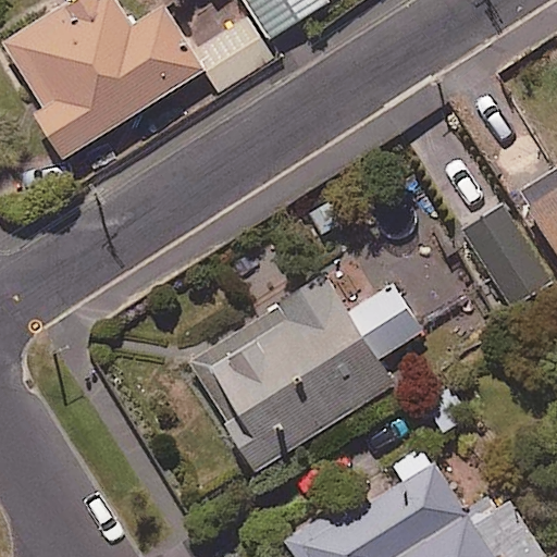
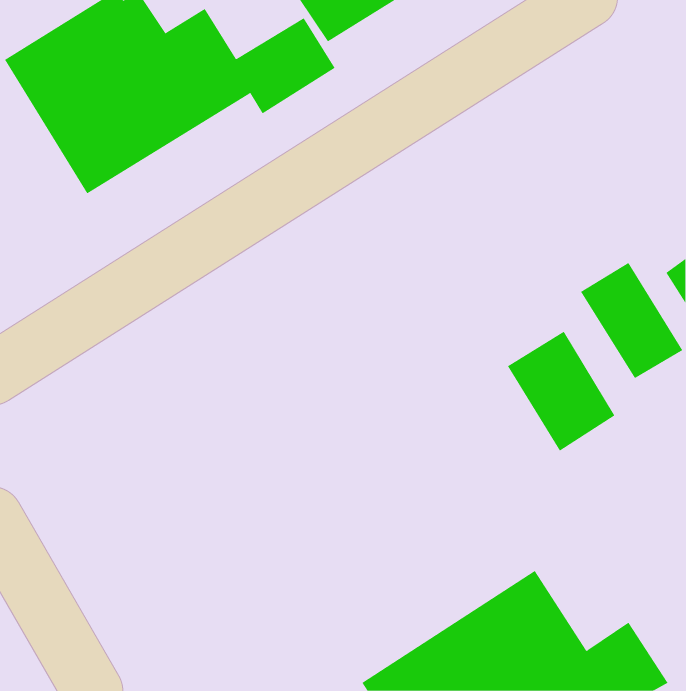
building: none -> [507,331,615,452]
building: [187,275,421,474] -> none

